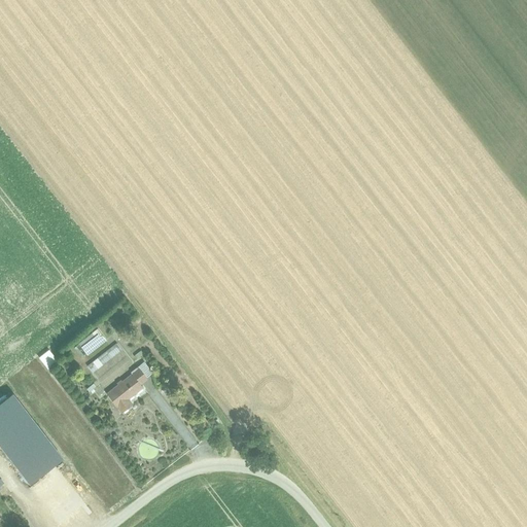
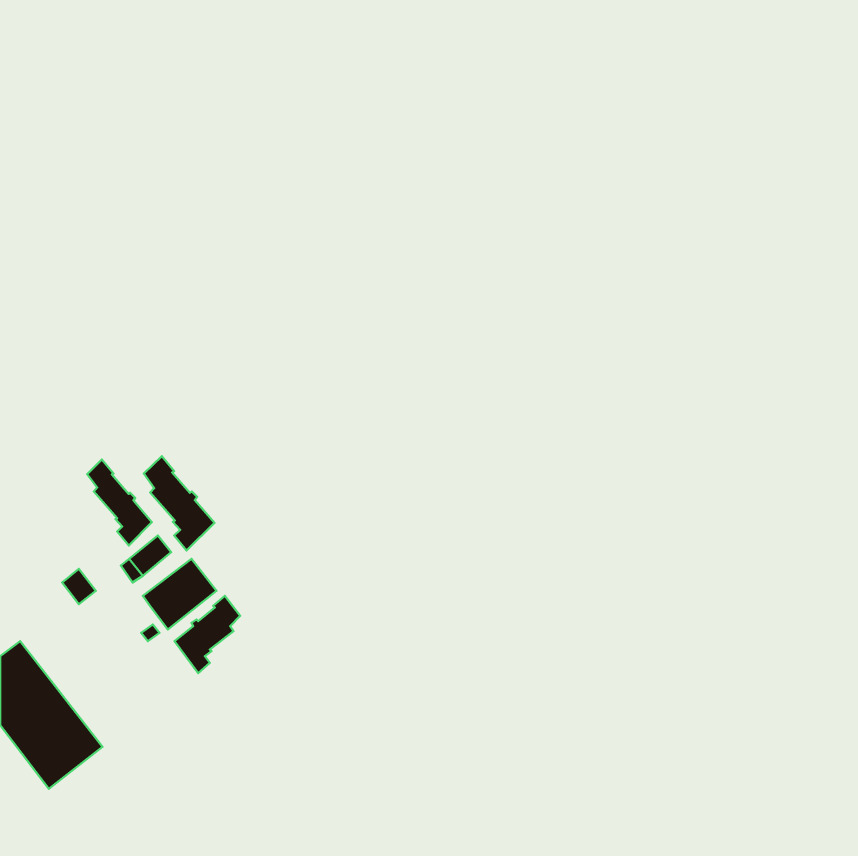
building: none -> [144,456,214,550]
building: none -> [87,459,152,546]

